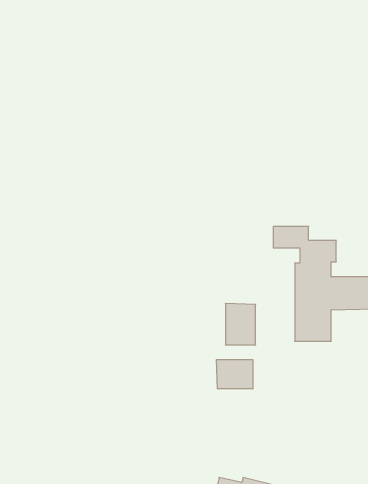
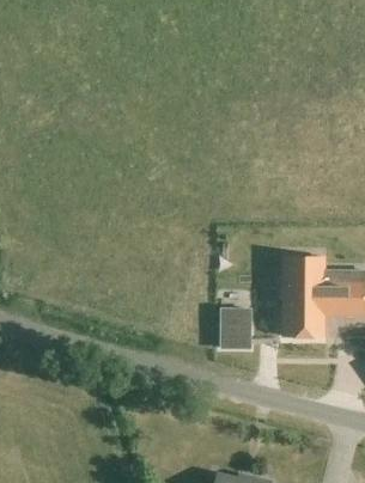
building: [216,360,253,389] -> none

